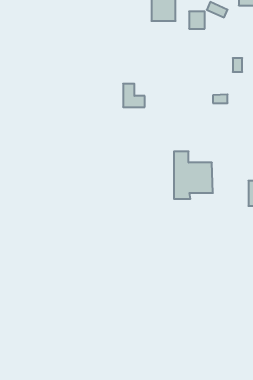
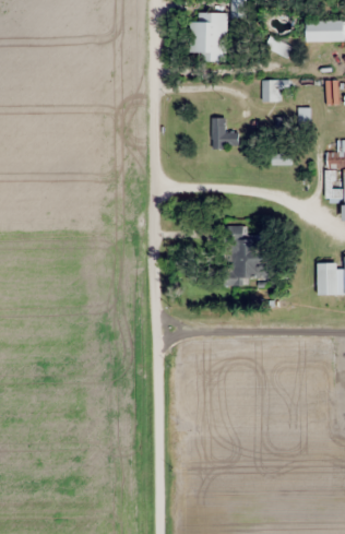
building: [189,11,205,29] -> [262,79,282,100]
building: [123,84,145,107] -> [212,117,239,146]

